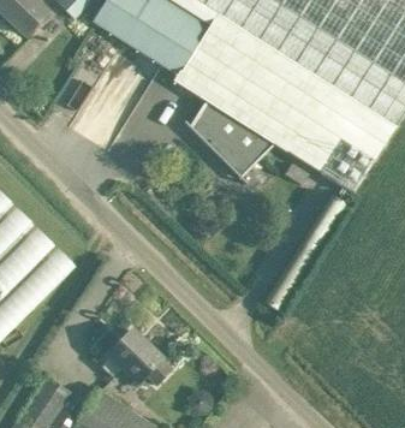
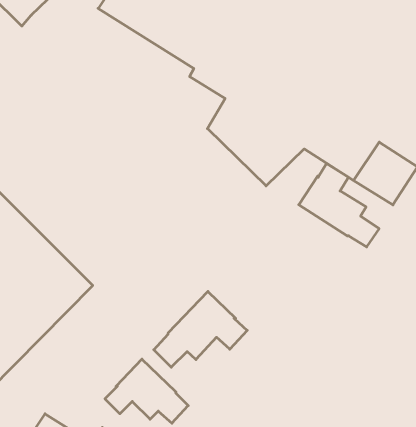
building: none -> [299,164,379,247]
building: none -> [154,291,247,367]

